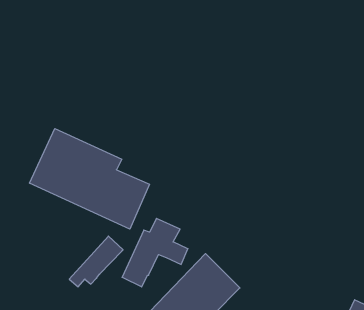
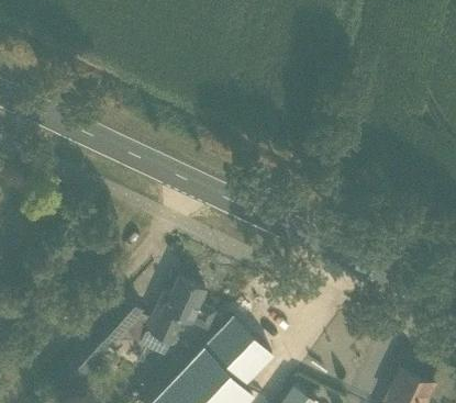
building: [30,129,149,229] -> none

